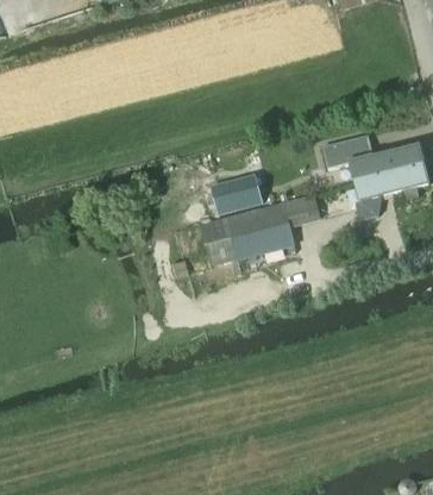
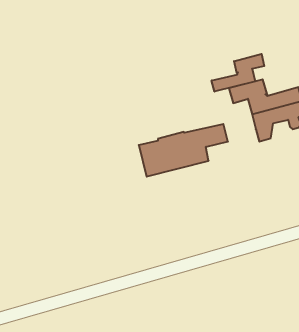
building: none -> [212,54,264,92]
building: [218,173,262,214] -> none

